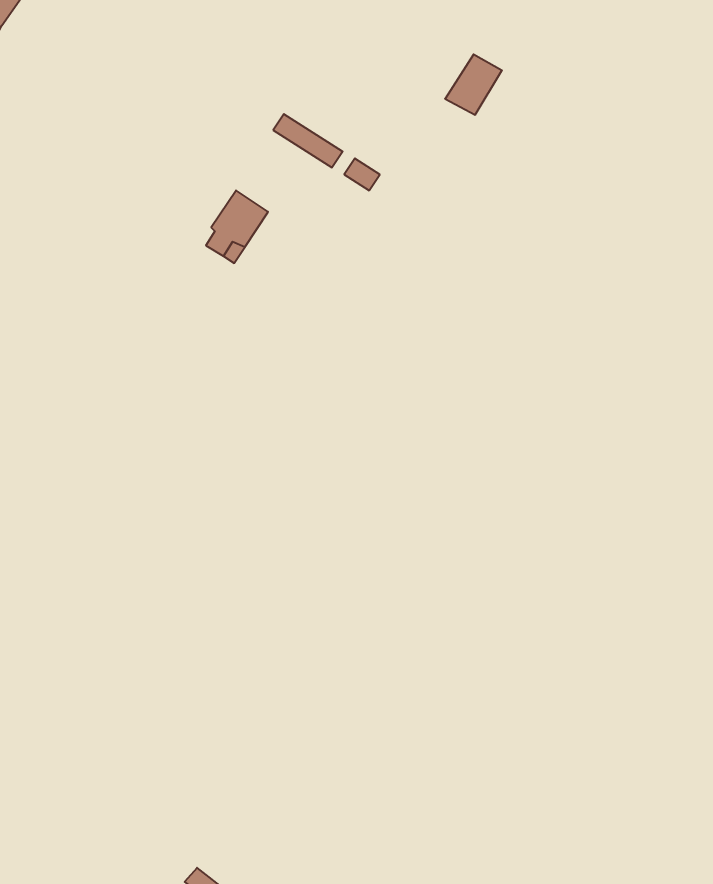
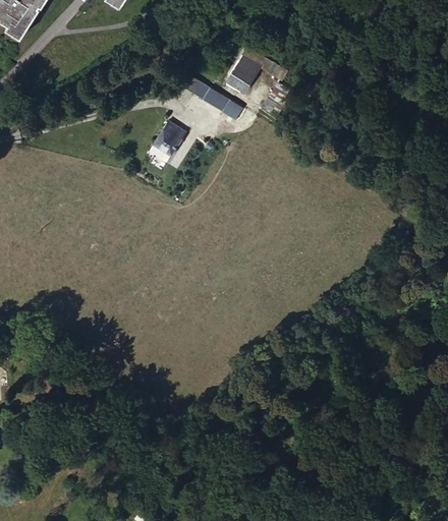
building: [445,54,502,115] -> [227,53,260,88]

